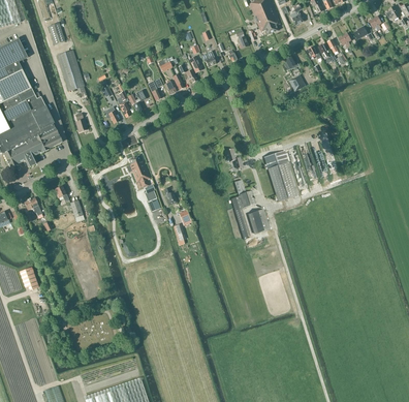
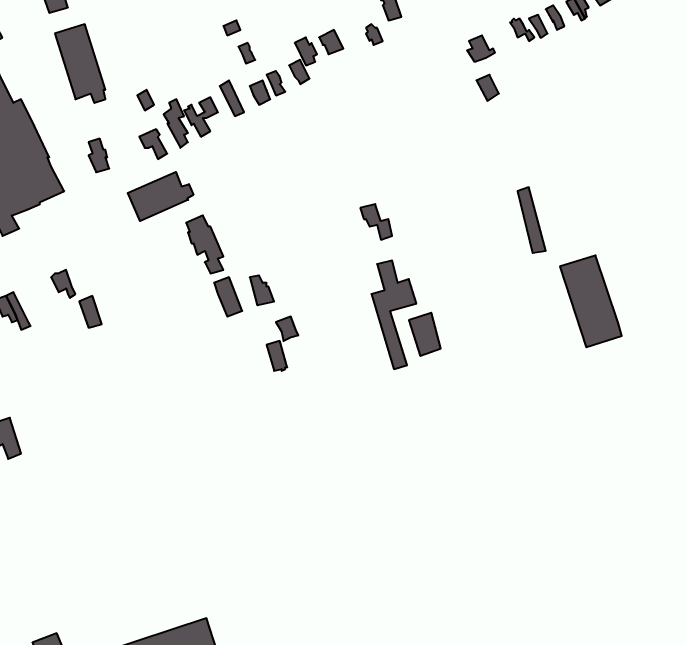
building: none -> [128,172,193,221]
building: [264,151,298,202] -> [560,255,622,347]

